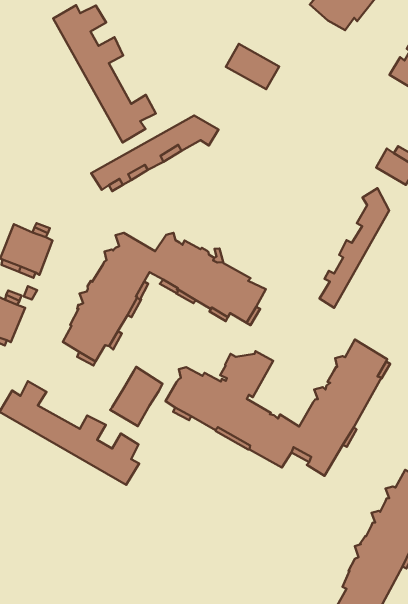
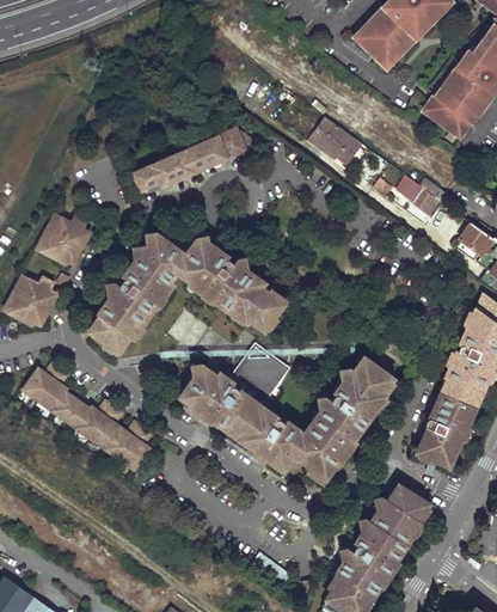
building: [53,5,156,142] -> none
building: [226,44,279,89] -> [311,117,361,163]
building: [320,188,389,308] -> none
building: [110,367,163,426] -> none

